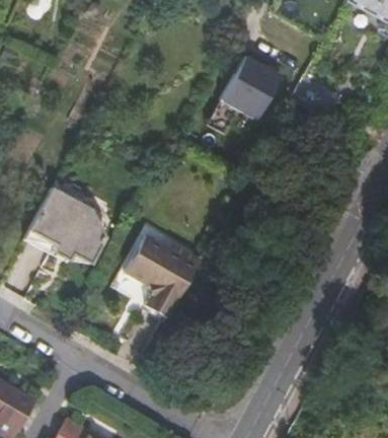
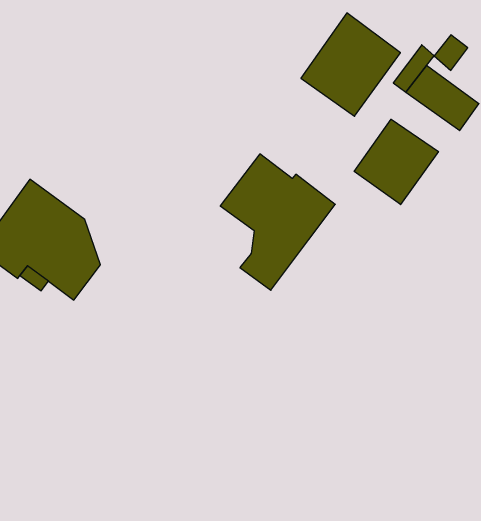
building: none -> [354,119,438,205]
building: [126,230,201,318] -> [220,154,335,290]

